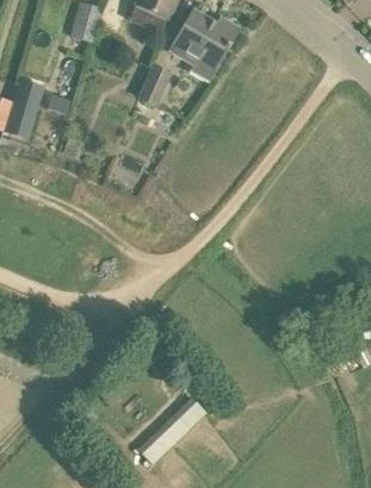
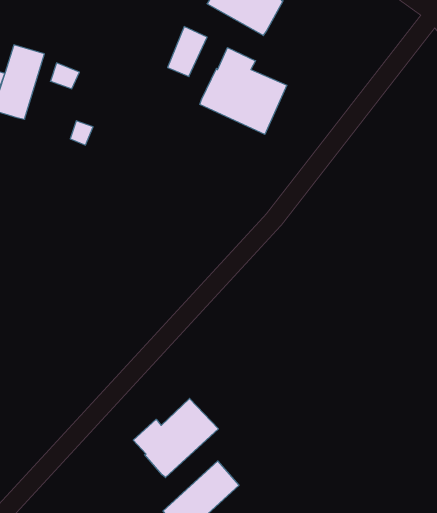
building: none -> [200,48,287,134]
building: none -> [133,398,218,478]

